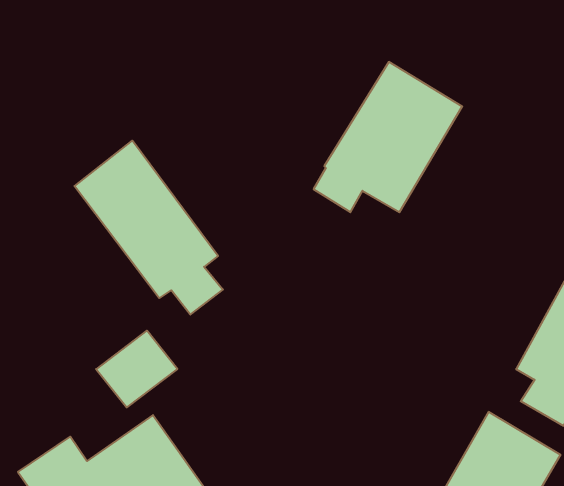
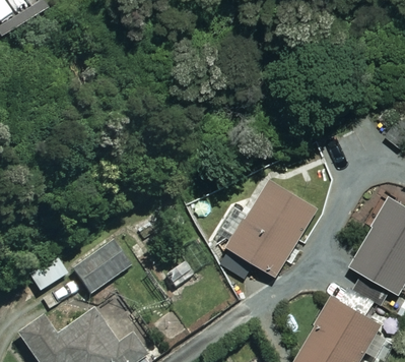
building: [314,62,462,212] -> [219,178,318,278]
building: [74,141,223,315] -> none

